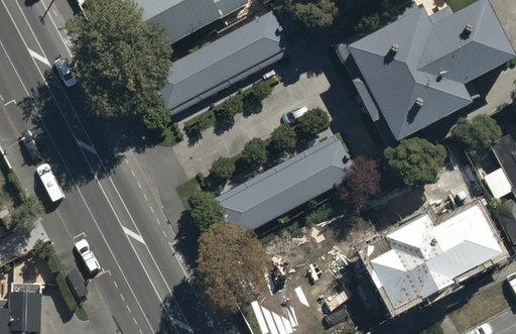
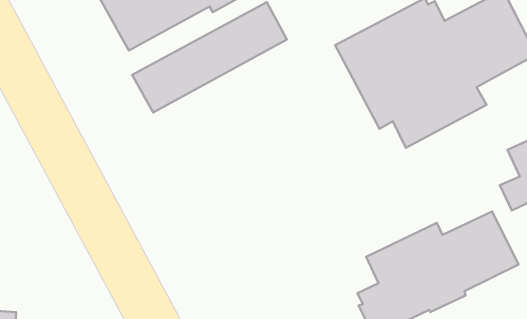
building: [215,136,360,239] -> none

